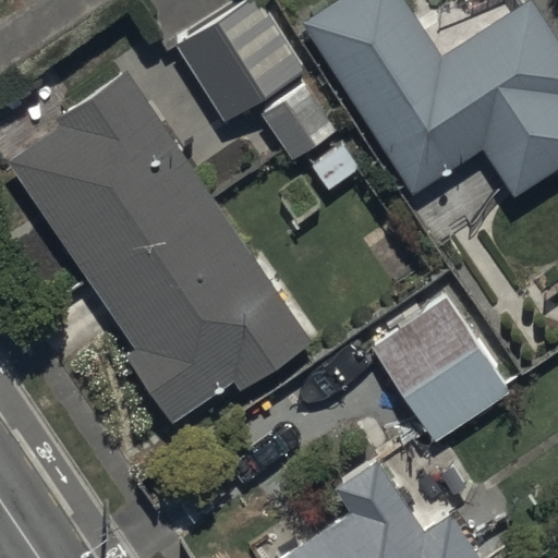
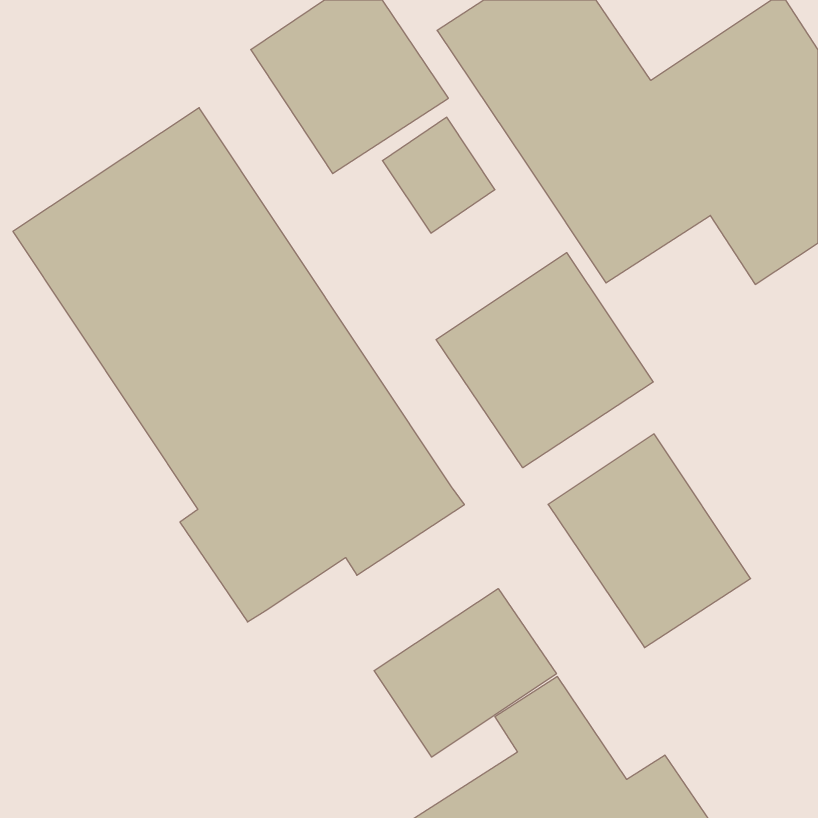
building: none -> [436,253,653,468]
building: none -> [374,589,556,757]

